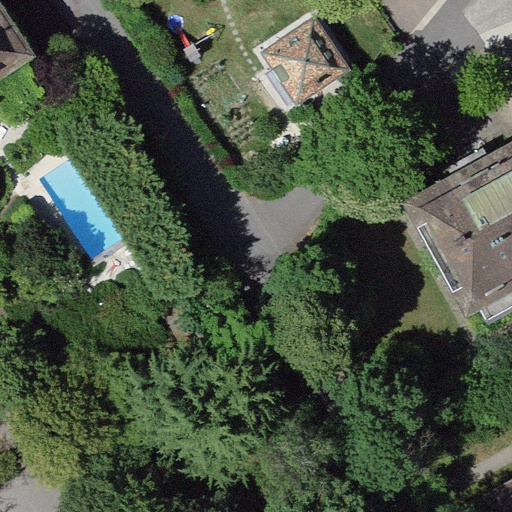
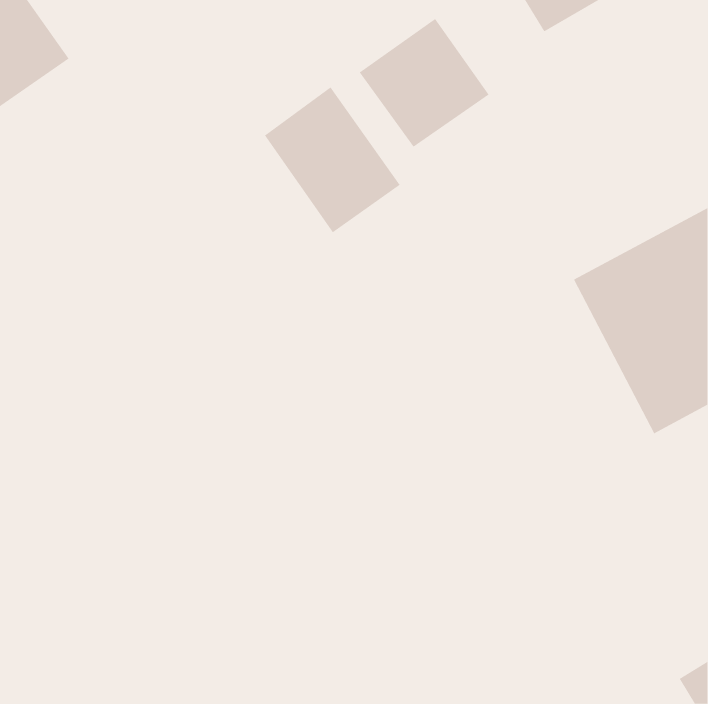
building: none -> [264,86,401,233]

